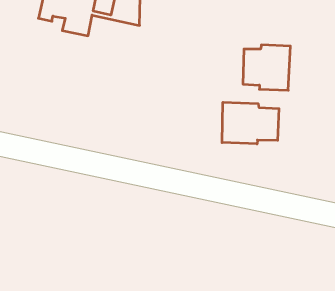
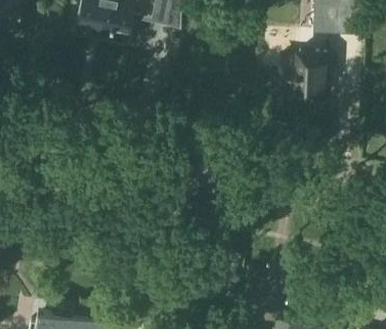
building: [222,102,279,144] -> none

